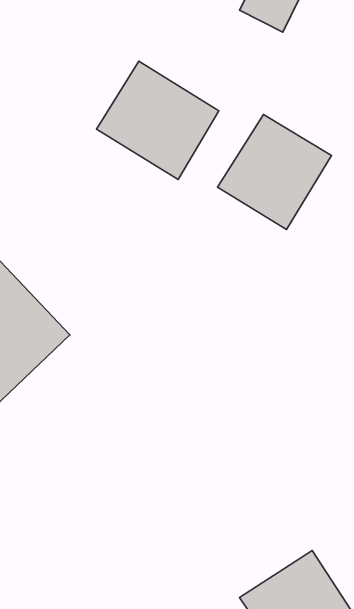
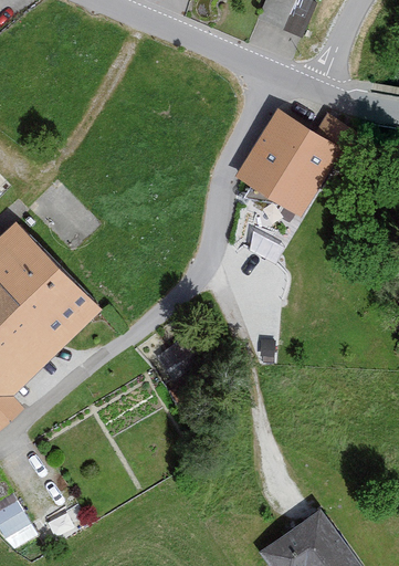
building: [97,61,219,179] -> none

